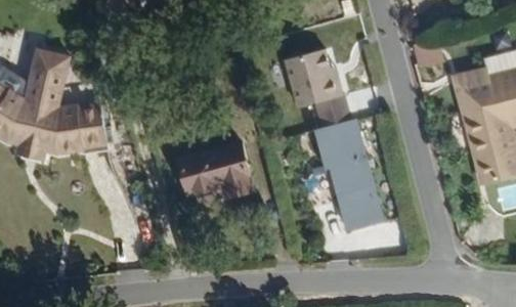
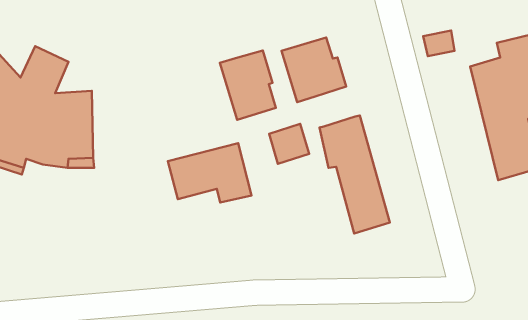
building: none -> [220,50,276,120]
building: [313,91,350,128] -> [269,124,309,164]

